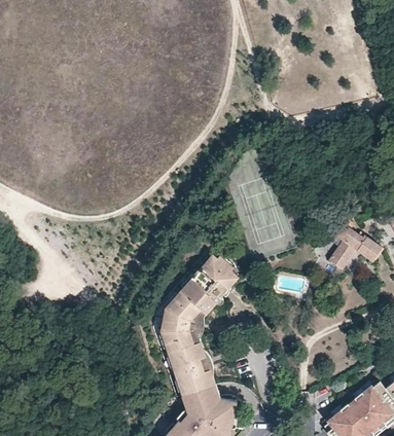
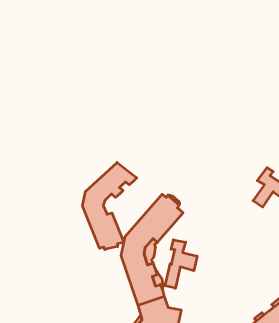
building: none -> [83,162,137,250]
building: none -> [165,240,197,288]

